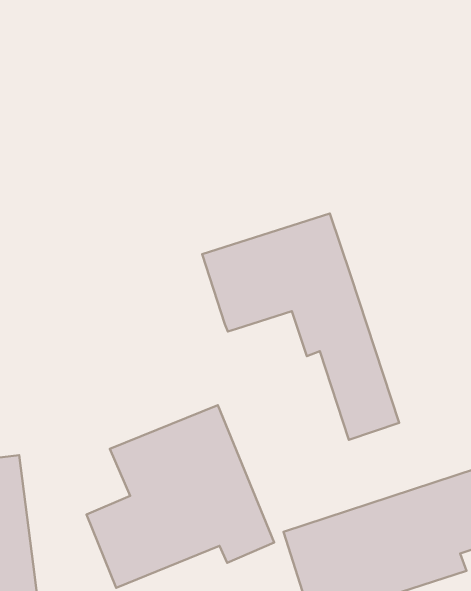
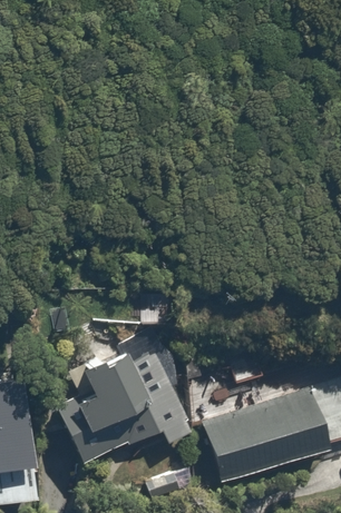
building: [202,214,399,440] -> none

